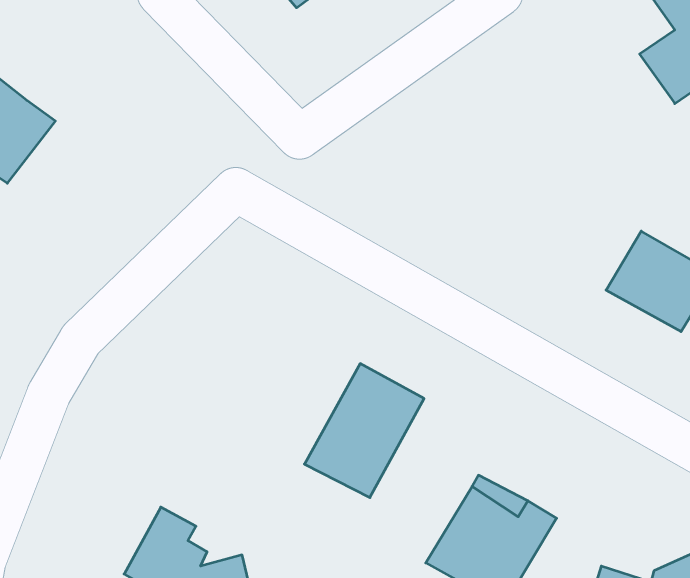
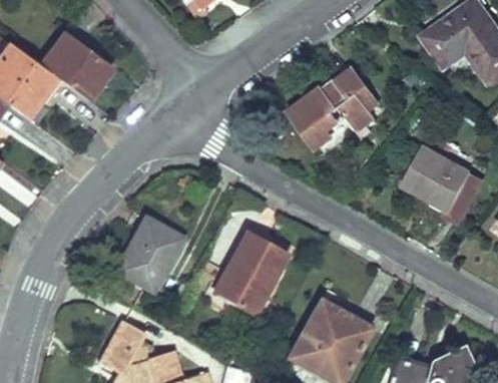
building: none -> [39,33,112,100]
building: none -> [292,70,378,147]
building: none -> [116,217,184,291]

